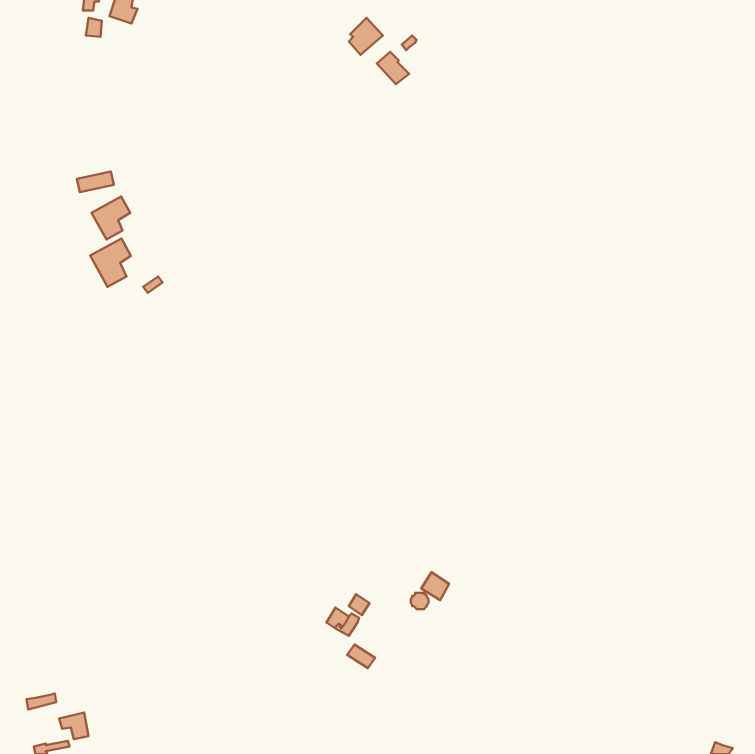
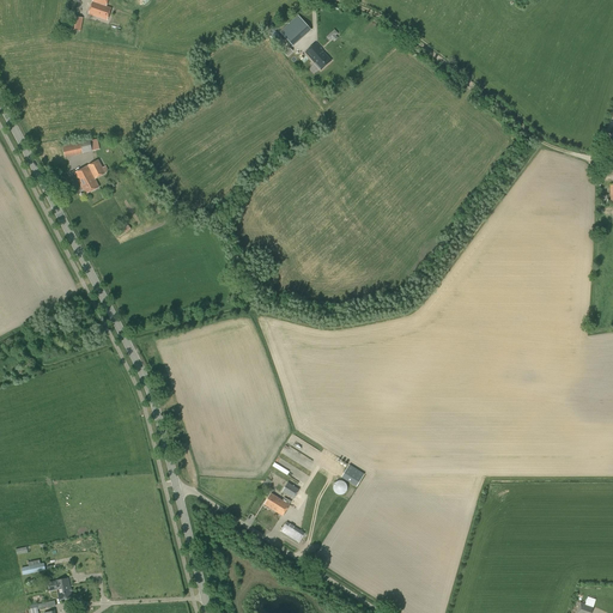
building: [90,238,131,287] -> none

